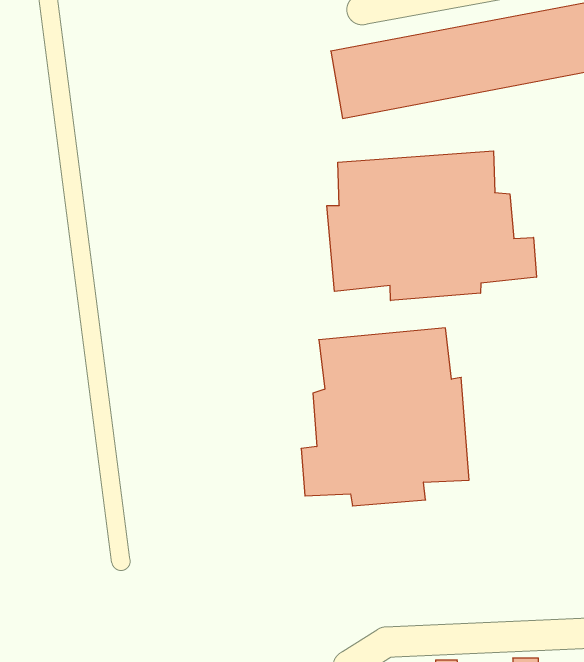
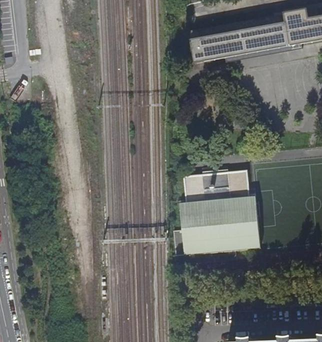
building: [327,151,536,301] -> none

